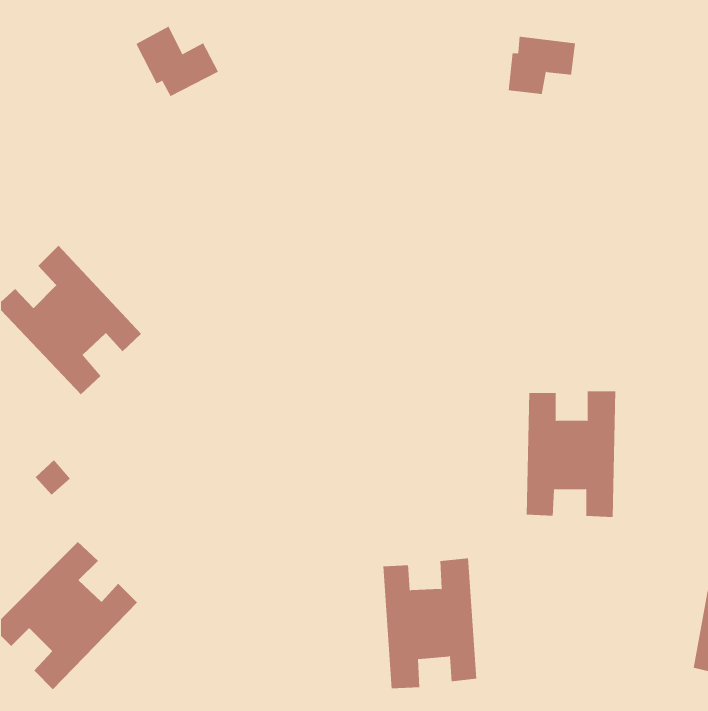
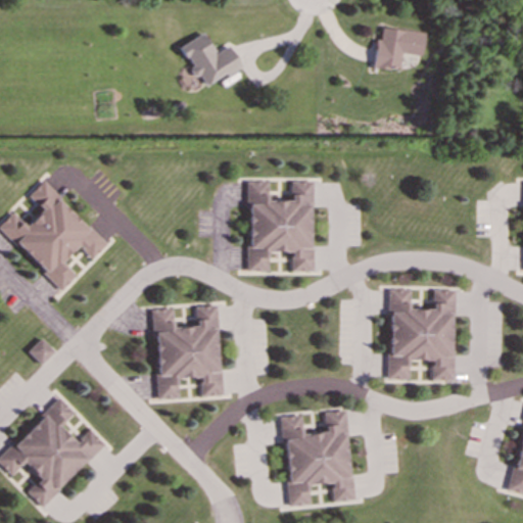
building: [135,26,219,97] -> [182,33,243,85]
building: none -> [249,180,314,271]
building: none -> [154,304,222,399]

